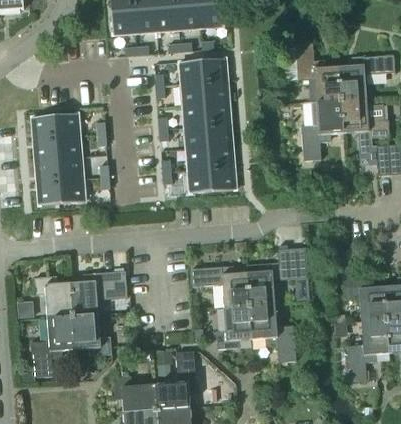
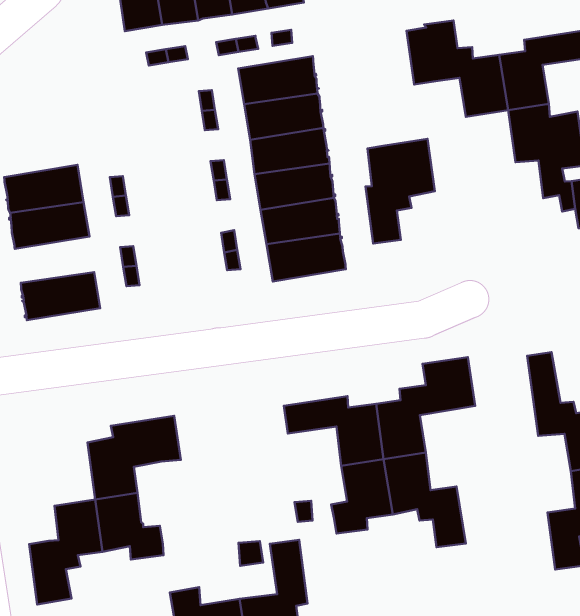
building: [301,100,343,161] -> [365,139,435,244]
building: [35,157,82,182] -> none
building: [33,276,72,319] -> none

